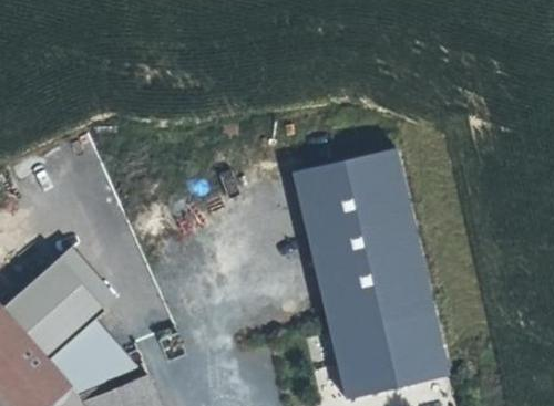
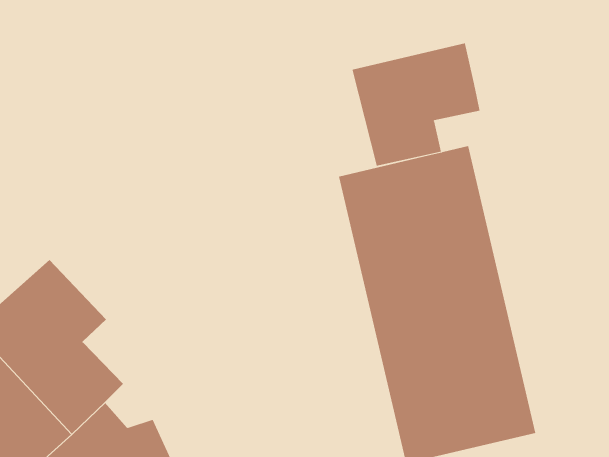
building: none -> [352,42,480,166]

